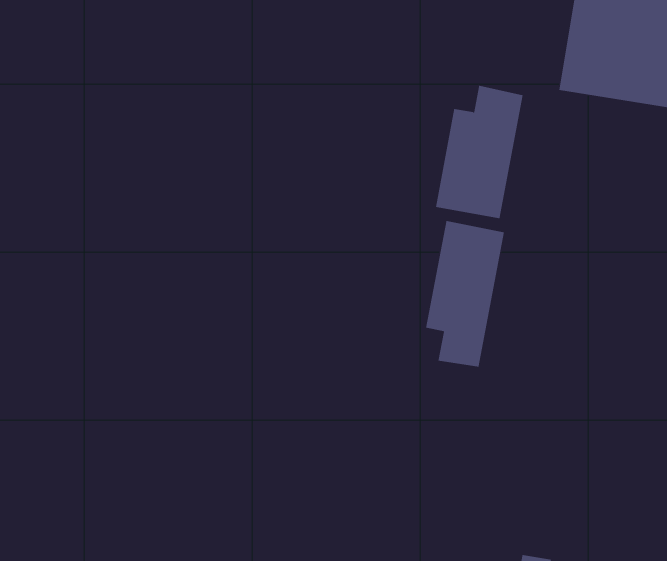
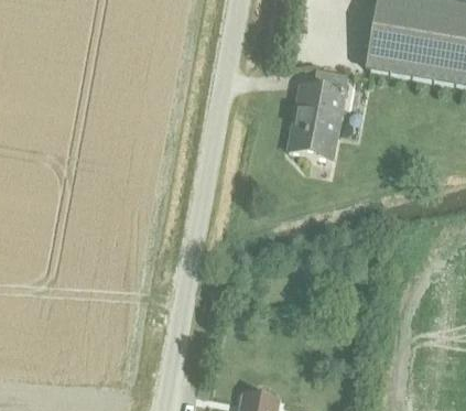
building: [425,220,505,367] -> none

